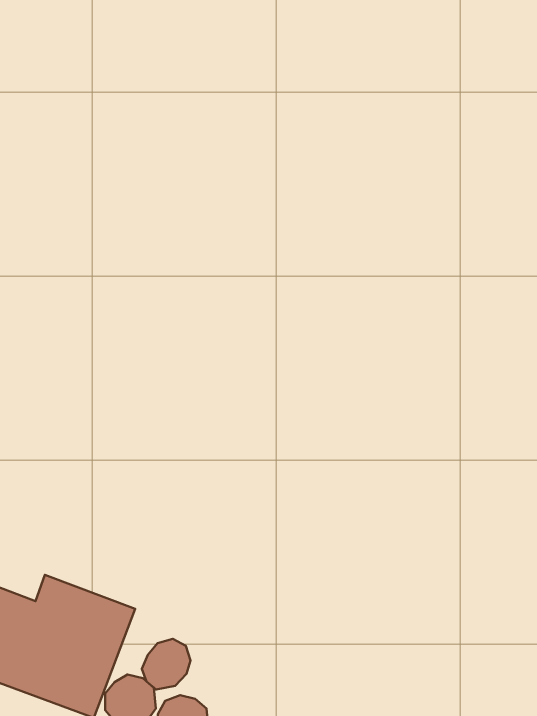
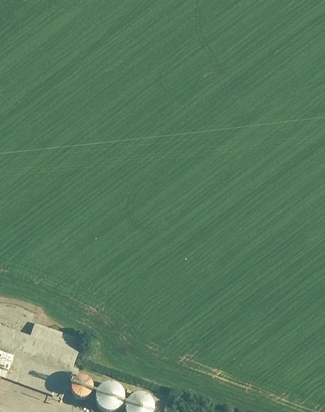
building: [142,639,191,689] -> none

